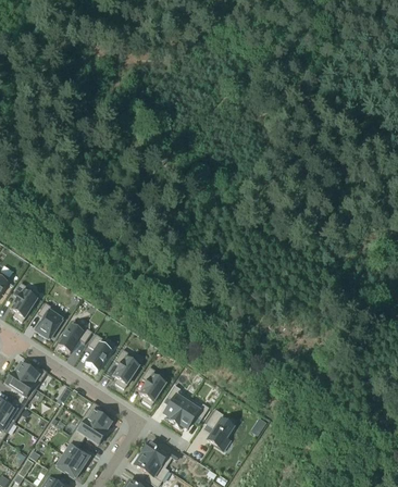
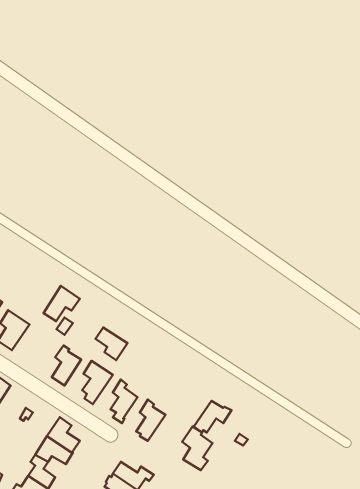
building: none -> [96,327,127,360]
building: [58,321,91,353] -> [43,286,80,321]
building: [174,399,209,428] -> [194,401,231,433]

